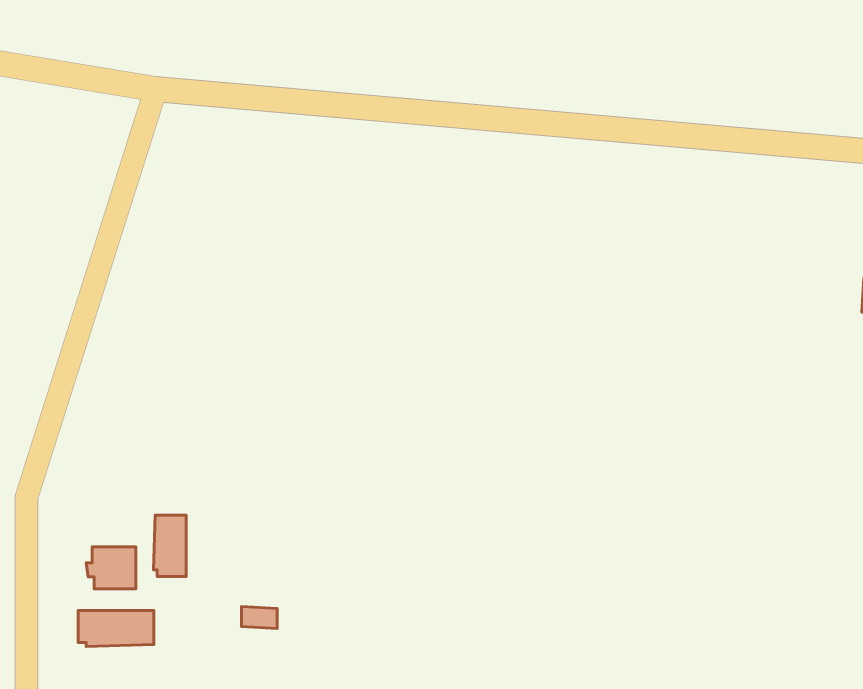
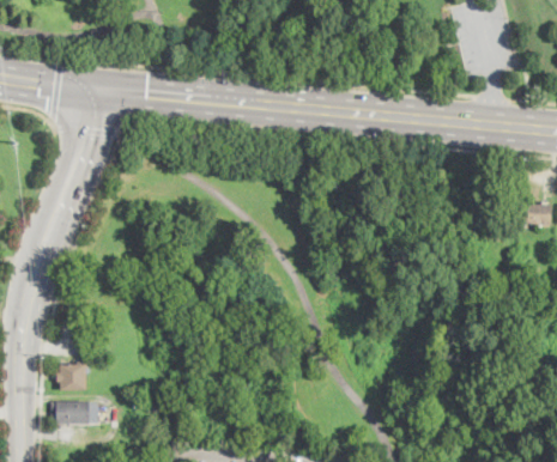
building: [153,515,186,576] -> none

